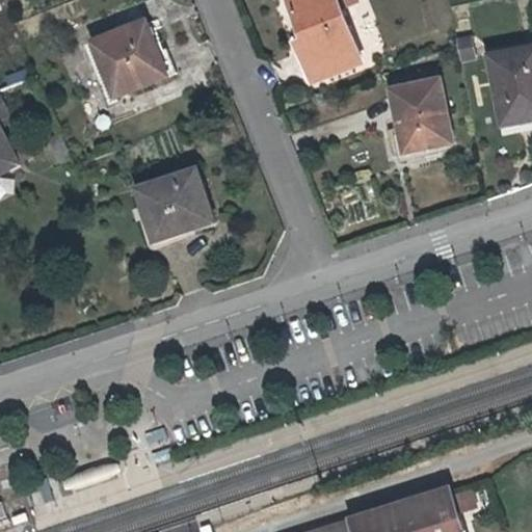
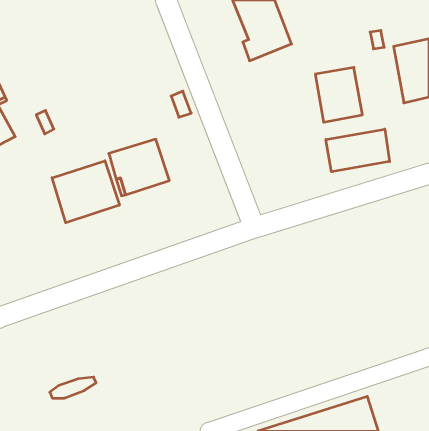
building: [94,23,164,94] -> none
building: none -> [326,129,390,172]
building: none -> [52,161,119,223]

